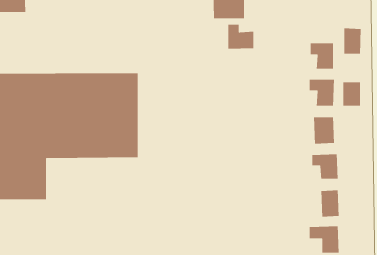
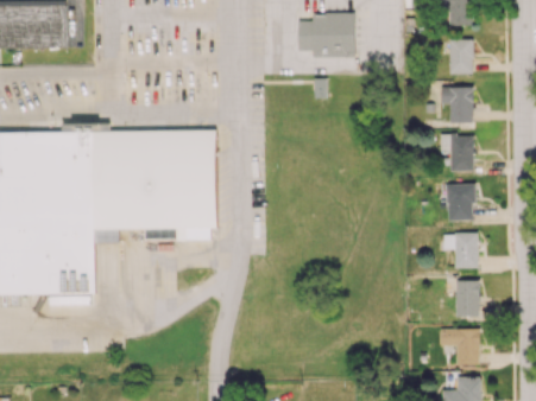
building: [228,24,254,50] -> none
building: [344,27,362,55] -> [449,38,473,74]
building: [343,81,361,107] -> none

